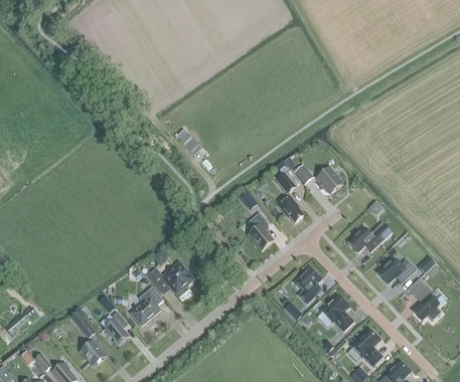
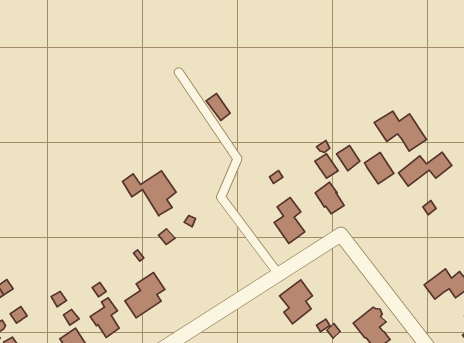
building: none -> [374,111,426,151]
building: [348,221,392,252] -> [399,152,452,186]
building: [148,262,193,300] -> [123,171,176,216]
building: [294,266,321,304] -> [280,280,312,324]

